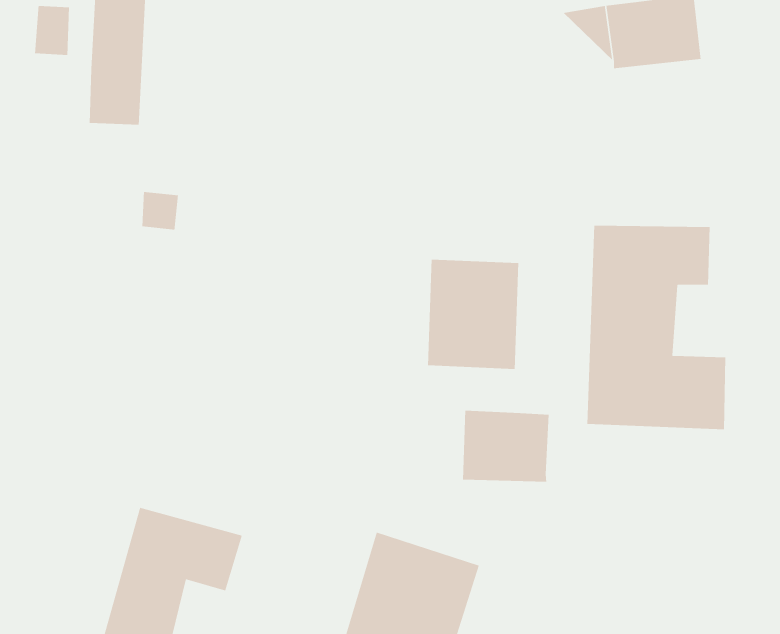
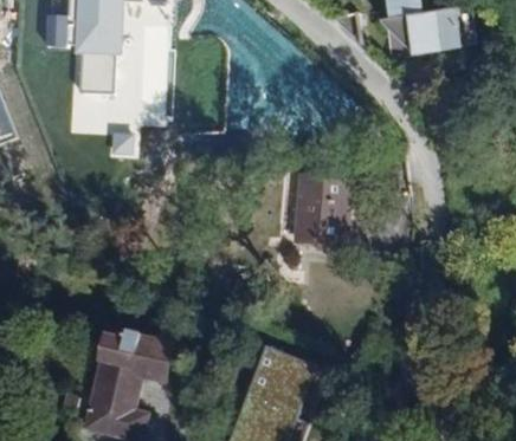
building: [587,225,726,430] -> none
building: [462,410,550,482] -> none

